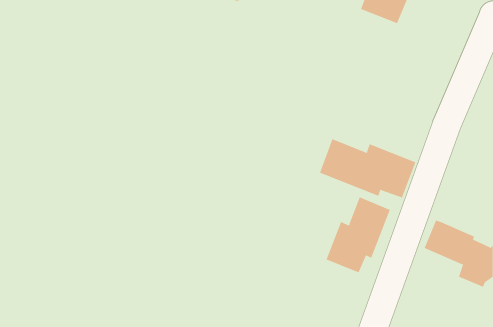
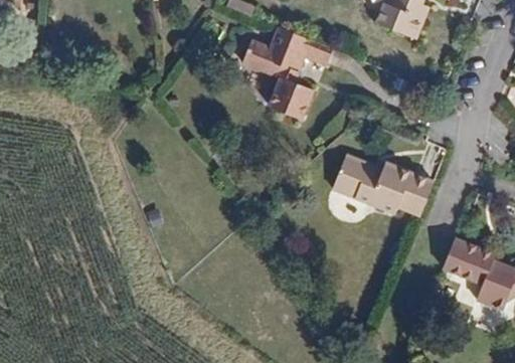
building: none -> [242,27,330,118]
building: [326,197,391,273] -> none

